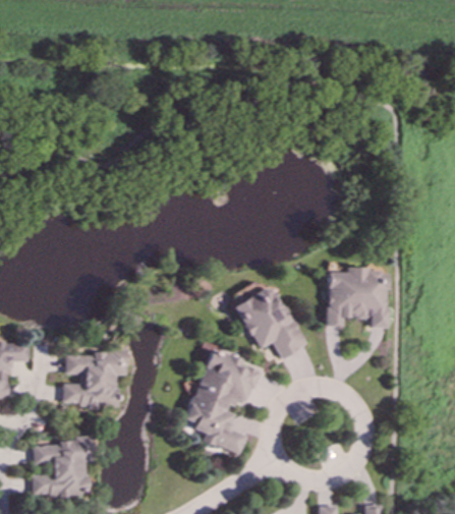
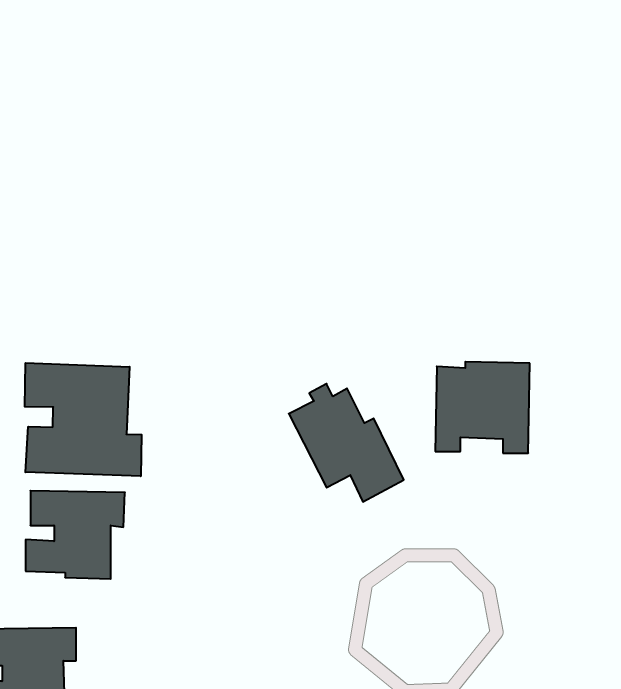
building: none -> [25,363,142,476]
building: [186,349,257,454] -> none

